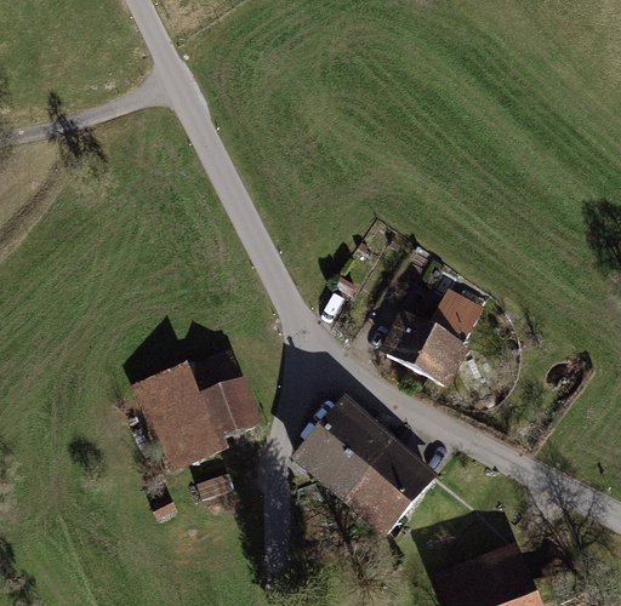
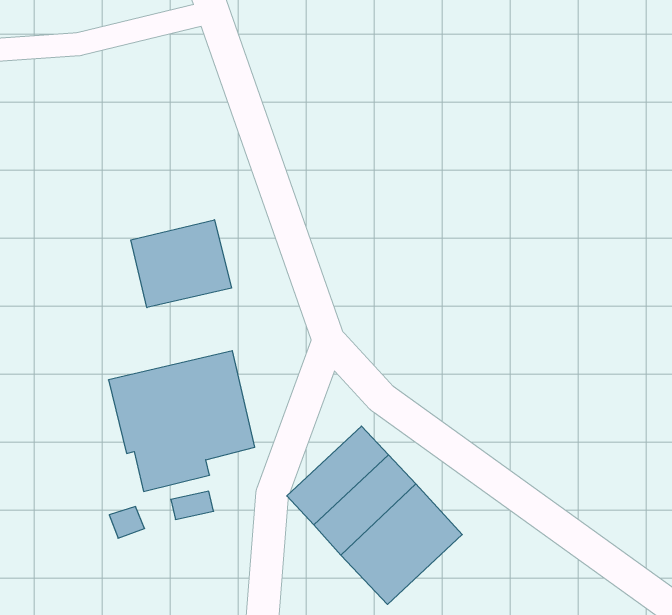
building: none -> [131,220,231,308]
building: [378,288,484,388] -> none

